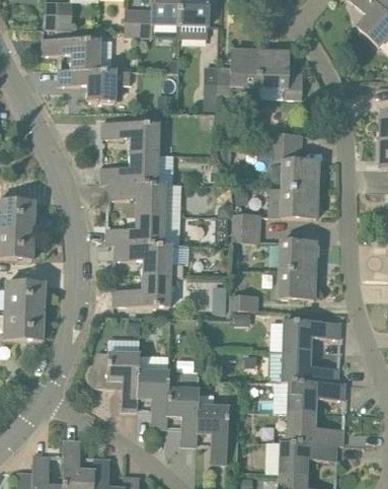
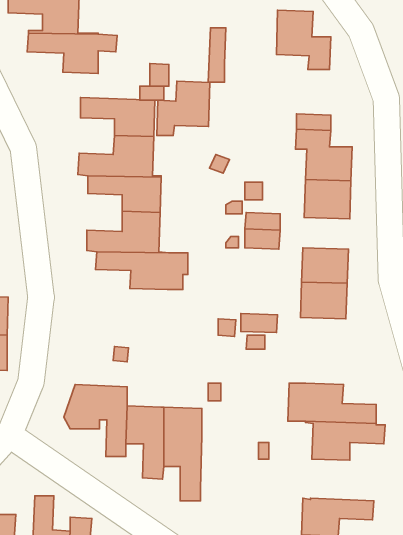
building: [217,50,259,93] -> [157,81,210,135]
building: [112,274,171,306] -> none
building: [282,320,340,351] -> none
building: [198,393,229,462] -> none
building: [286,411,343,444] -> none

